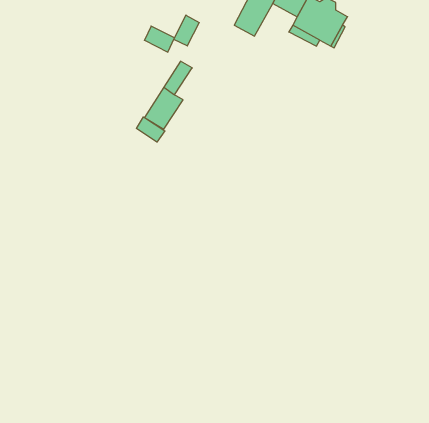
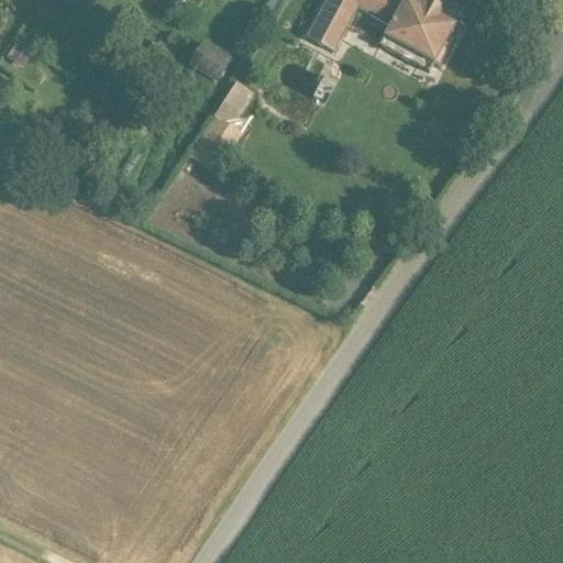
building: [174,15,199,46] -> none
building: [136,117,165,142] -> none

